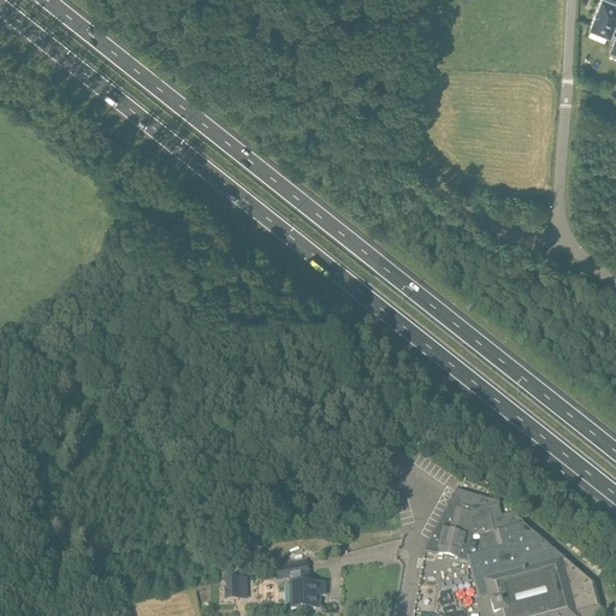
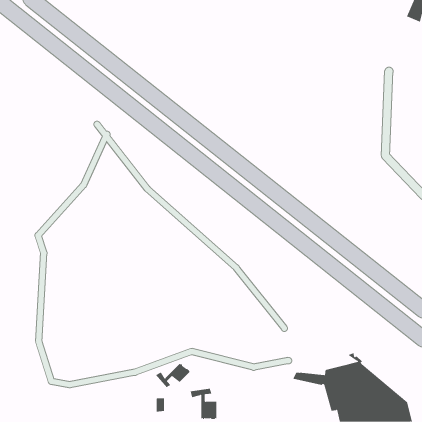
building: [432,498,521,544] -> none
building: none -> [155,363,191,388]

